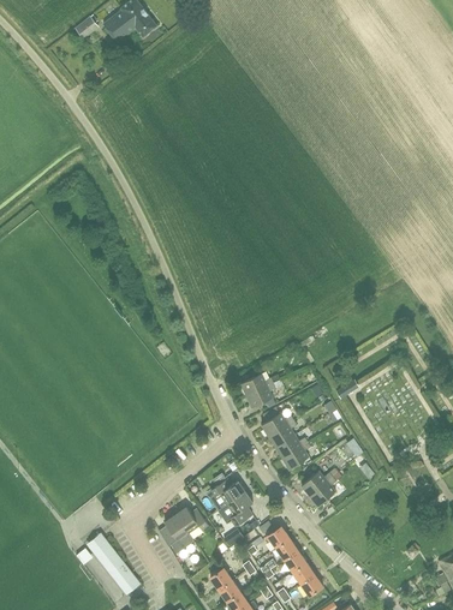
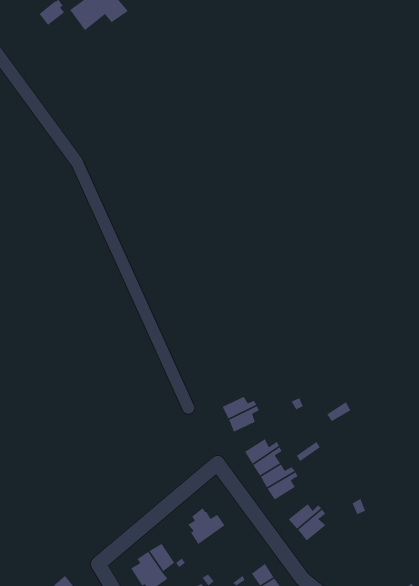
building: [220,491,254,526] -> none

